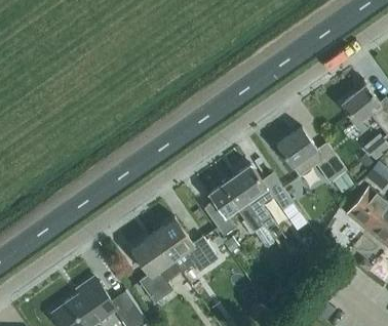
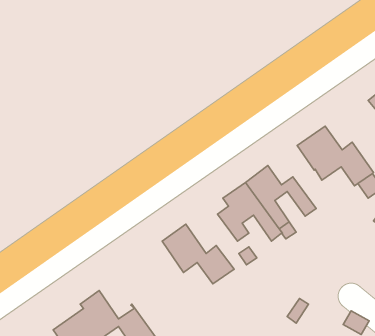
building: [130,234,173,304] -> none

